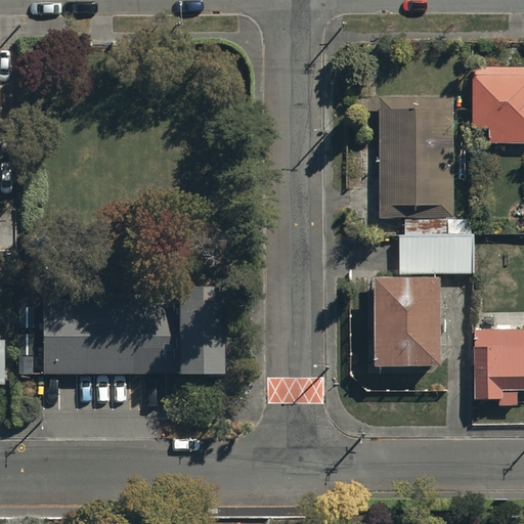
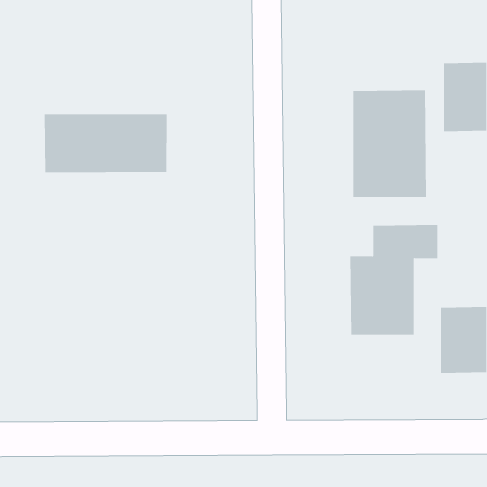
building: none -> [44,114,167,173]
building: [39,282,222,377] -> none

